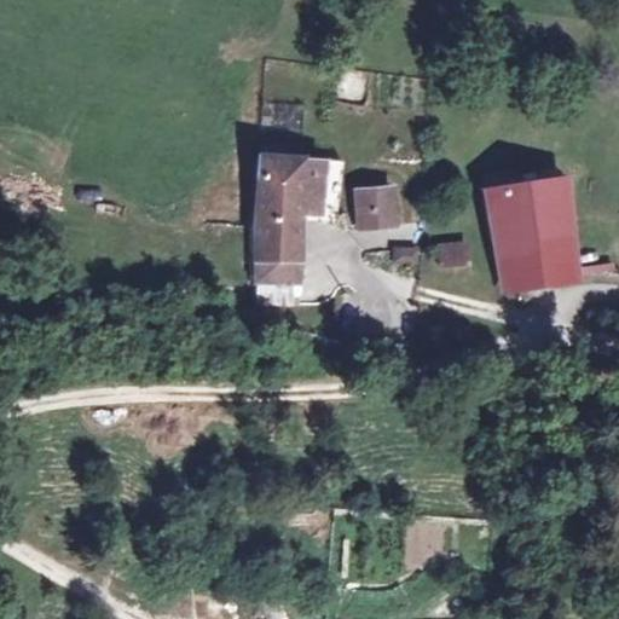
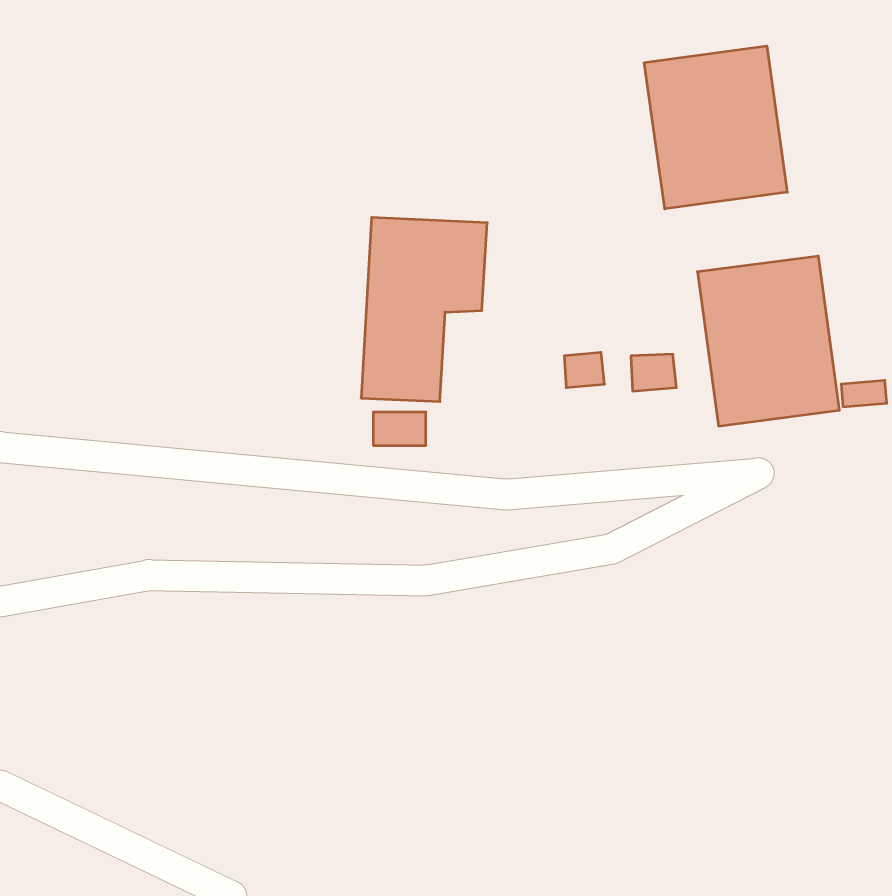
building: none -> [644,46,787,209]
building: [354,184,403,236] -> none

